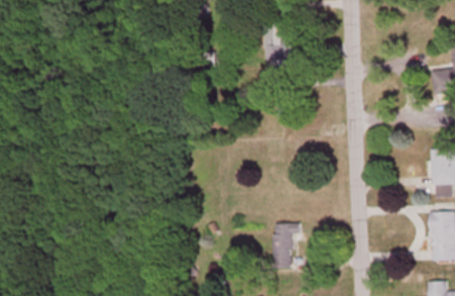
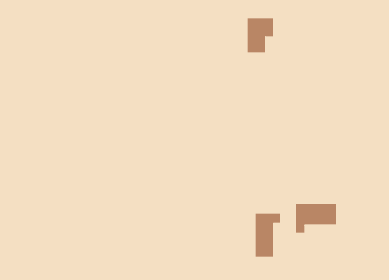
building: none -> [295,203,336,233]

